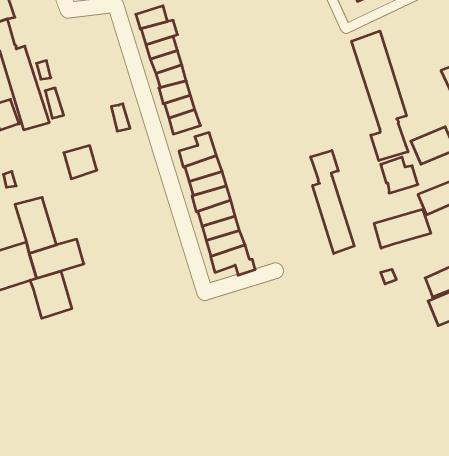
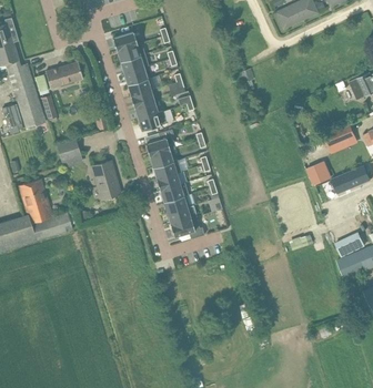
building: [352,31,408,161] -> none
building: none -> [44,62,82,89]
building: [311,150,354,254] -> none
building: none -> [92,161,120,200]
building: [374,209,431,248] -> none
building: [30,271,72,318] -> none

